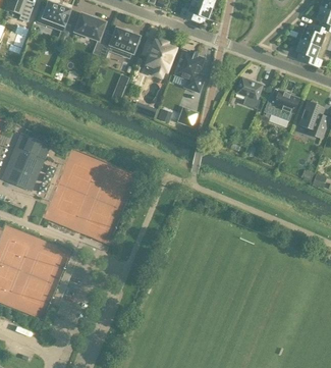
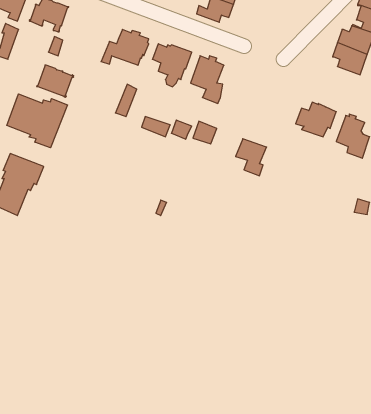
building: [73,13,105,41] -> [37,65,74,97]
building: [235,77,262,109] -> [236,139,267,176]
building: none -> [7,94,68,148]

